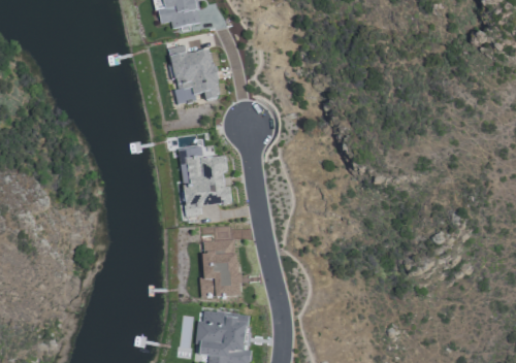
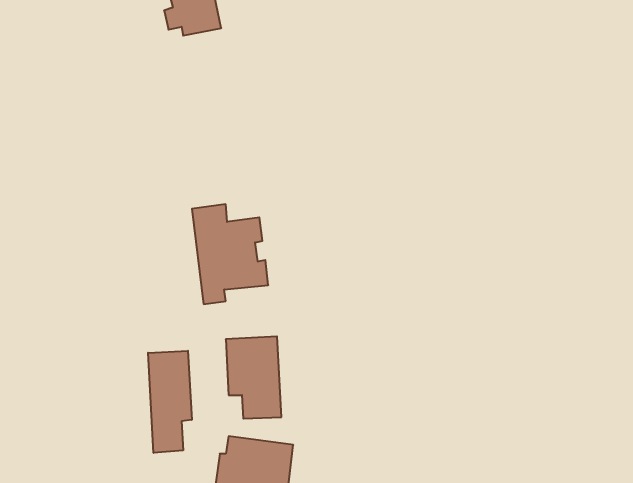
building: [167,44,220,102] -> none
building: none -> [148,351,192,453]

